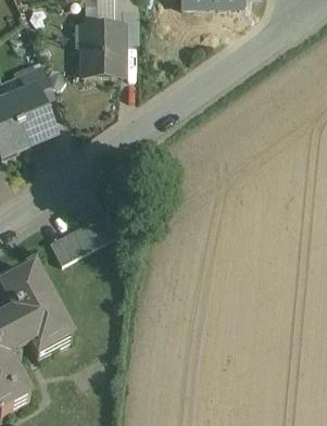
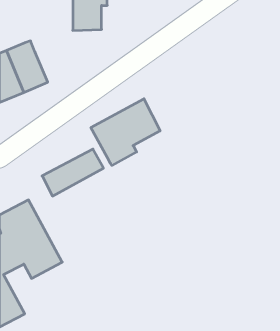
building: [16,65,54,100] -> none
building: none -> [91,99,160,165]

